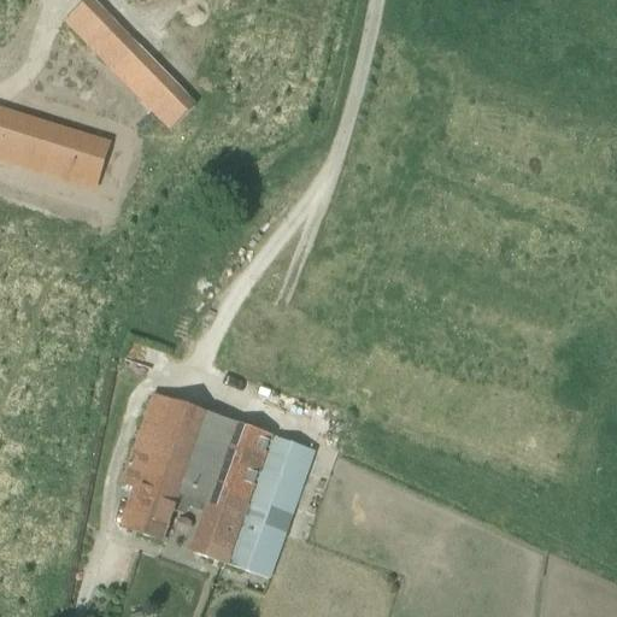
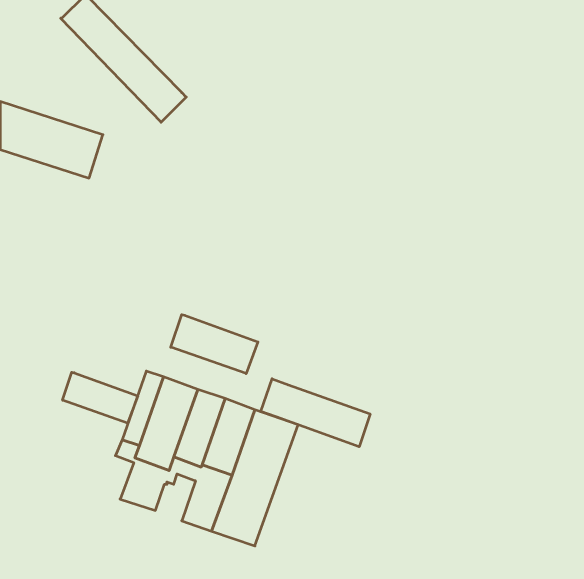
building: none -> [171,315,258,374]
building: none -> [63,372,138,423]
building: none -> [261,379,370,447]

